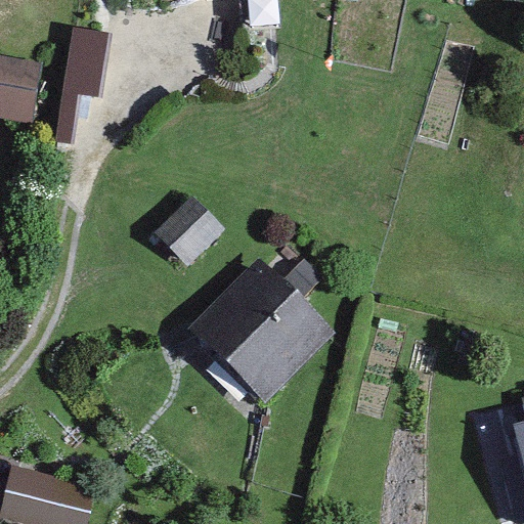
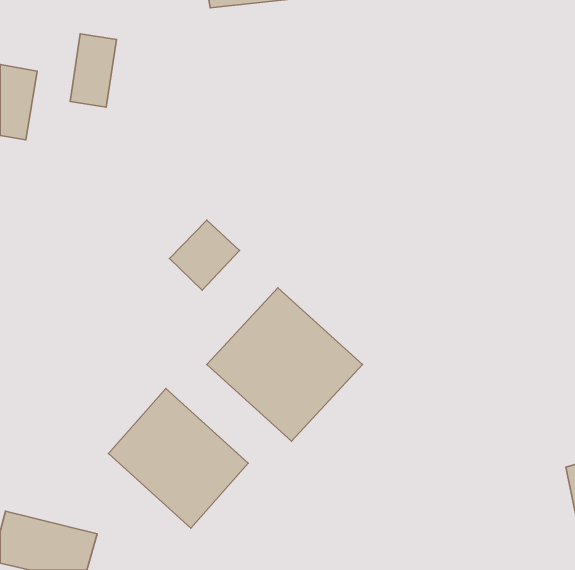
building: none -> [109,389,248,528]

